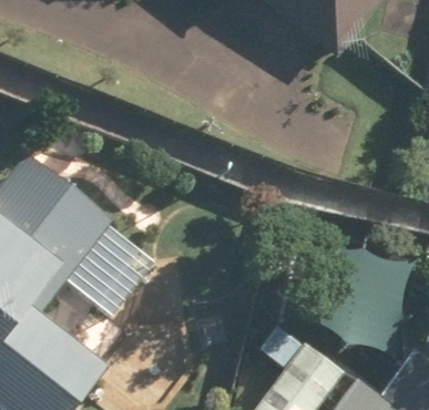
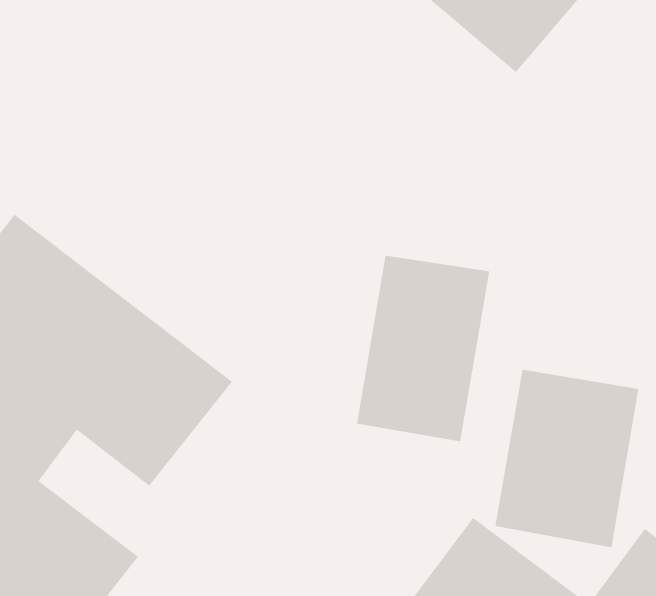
building: none -> [357,255,490,442]

